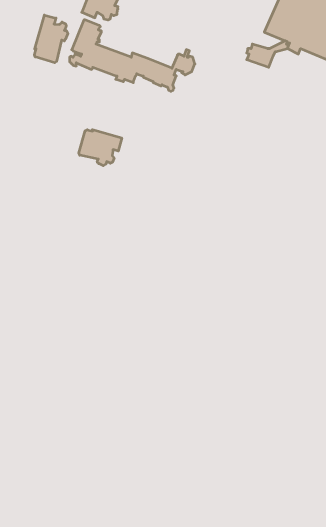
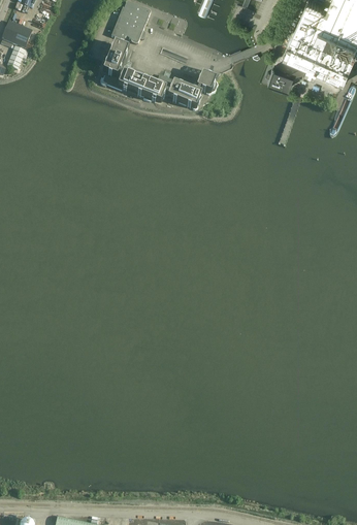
building: [34,15,68,63] -> none
building: [79,130,122,166] -> none

